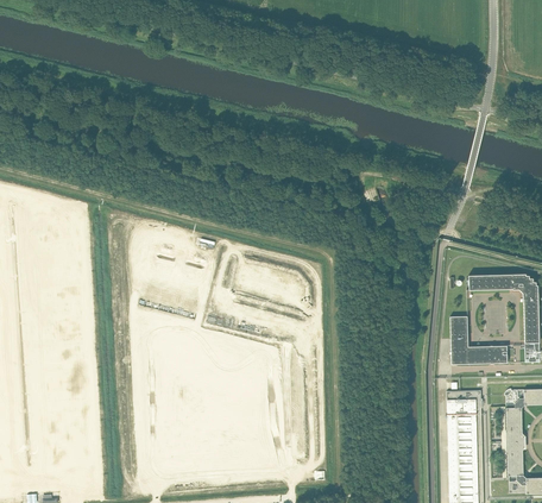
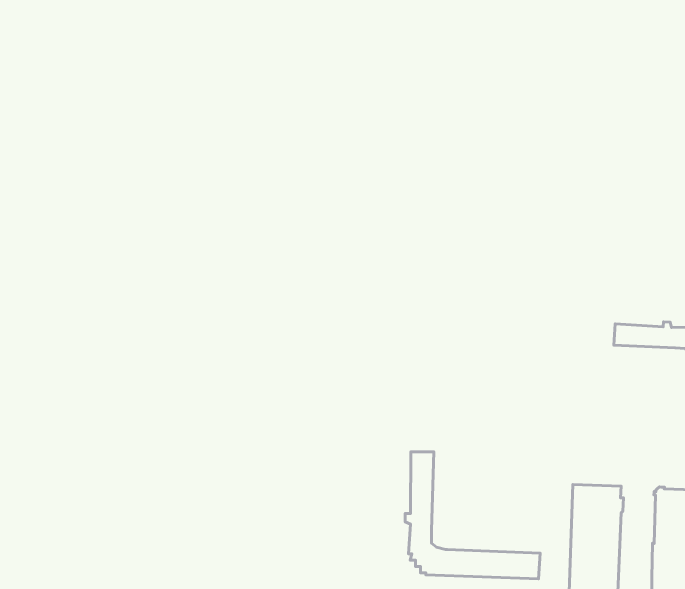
building: [450,316,508,365] -> none
building: none -> [405,452,540,579]

